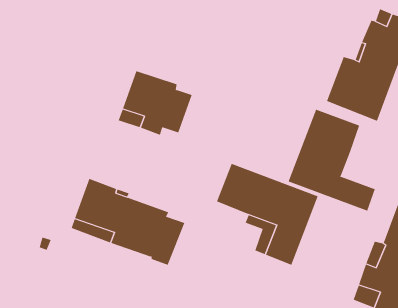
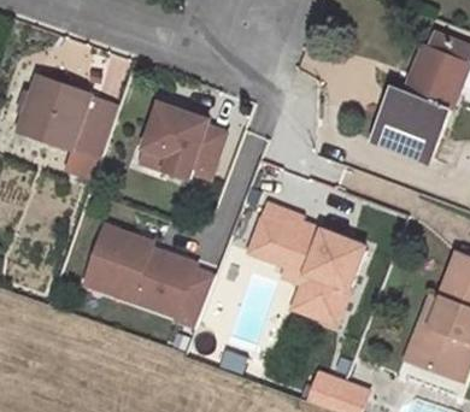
building: none -> [19,76,117,176]
building: [288,109,376,212] -> none

